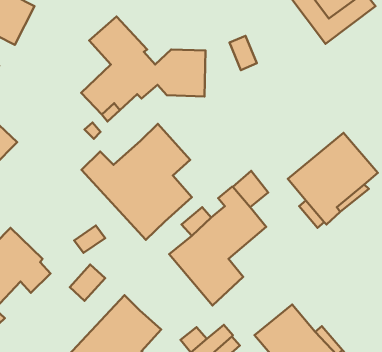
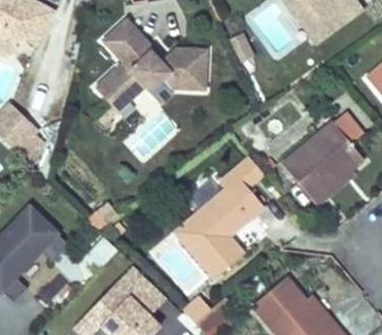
building: [81,124,192,240] -> none

